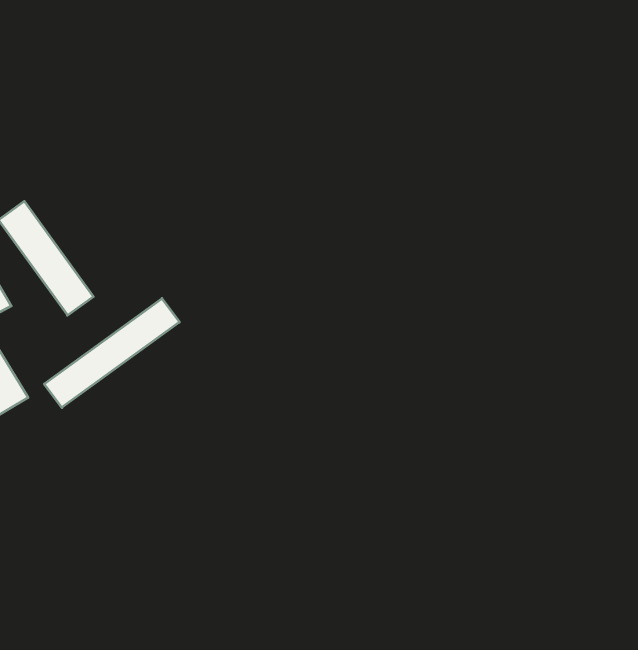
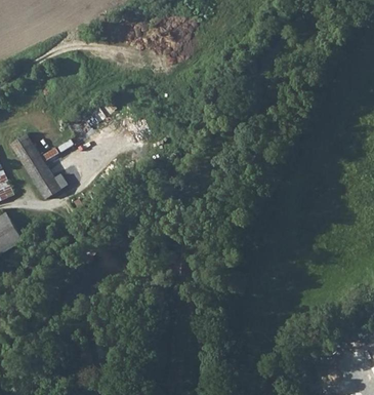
building: [44,298,179,408] -> none

